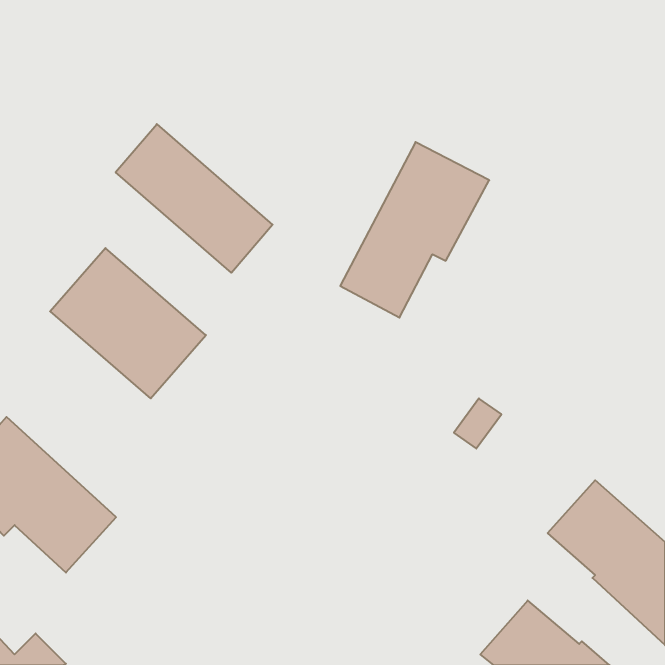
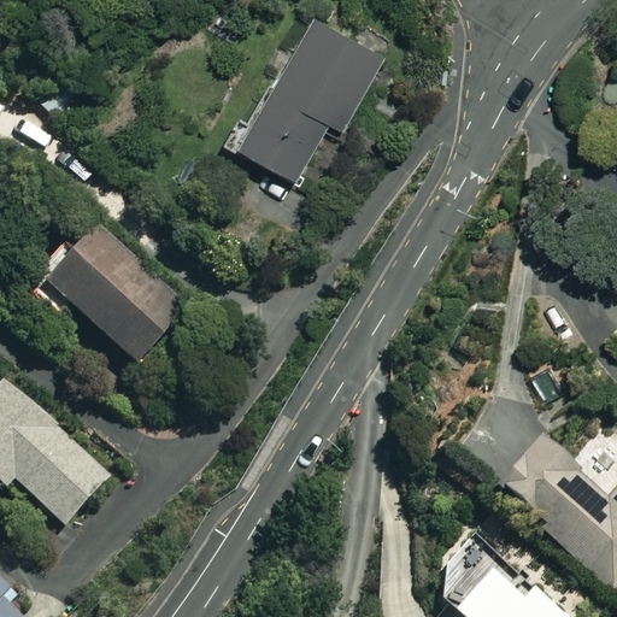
building: [116,124,273,273] -> none
building: [340,142,489,318] -> [246,18,382,178]

